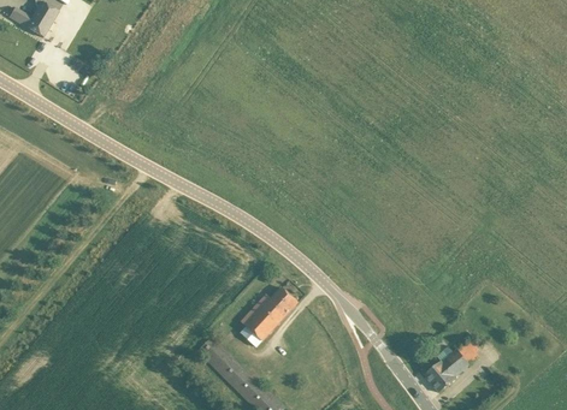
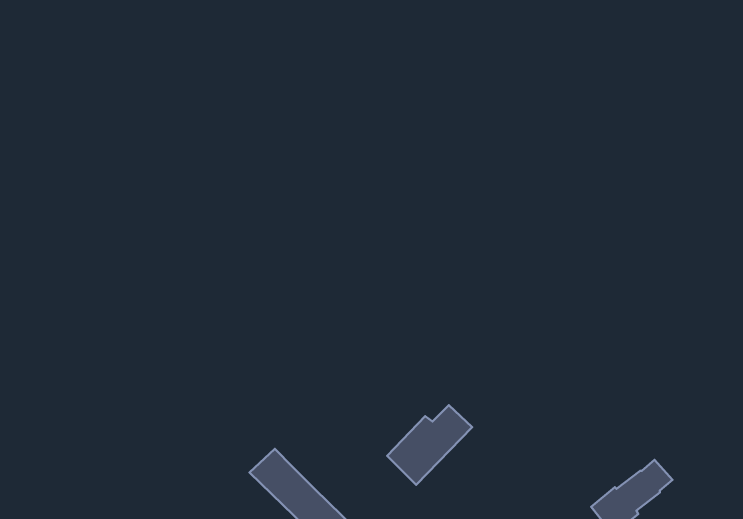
building: [241,287,297,340] -> [387,405,472,485]

